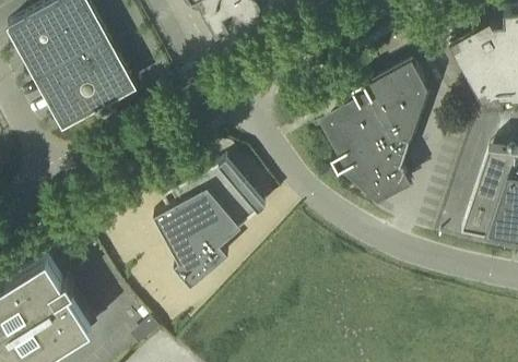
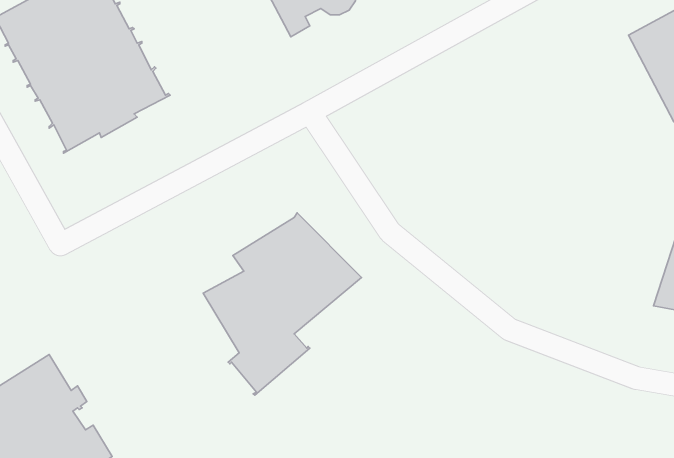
building: [328,62,426,203] -> none

